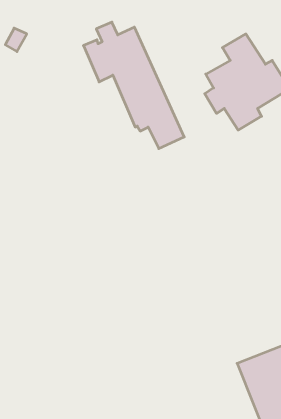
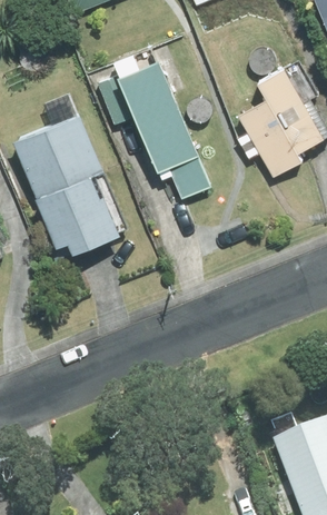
building: none -> [14,117,118,256]

